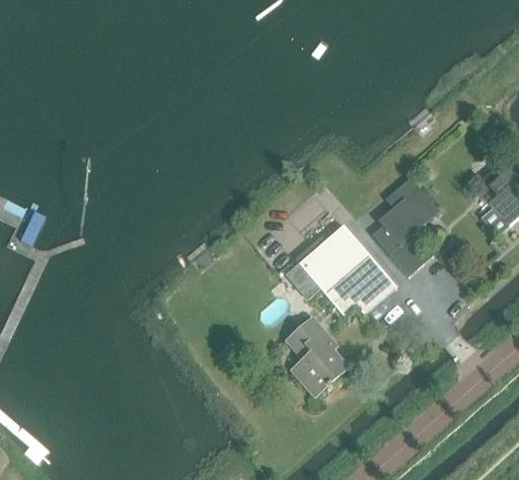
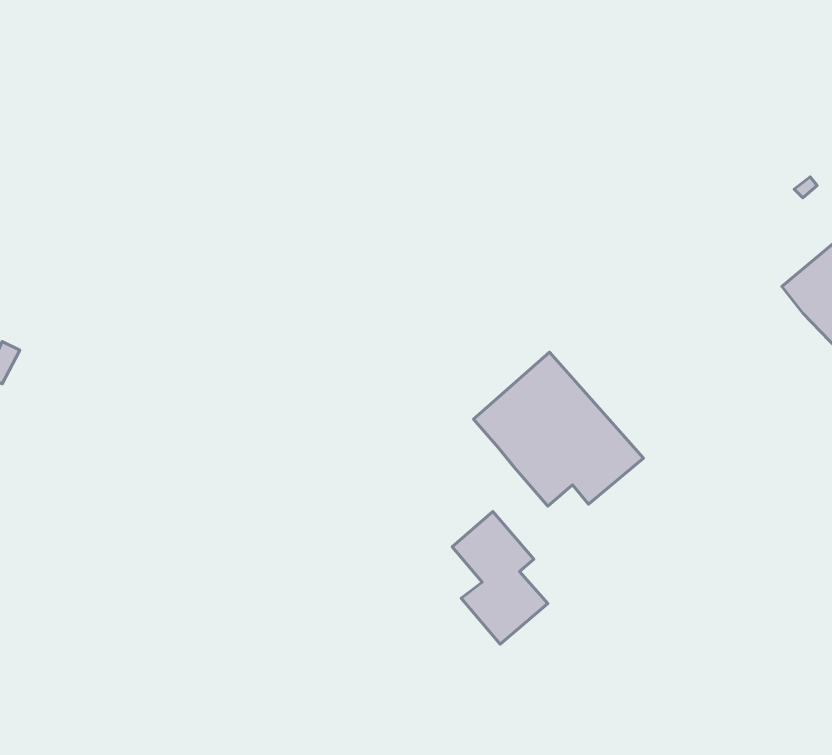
building: [367,185,439,275] -> none
building: [286,264,319,300] -> none

